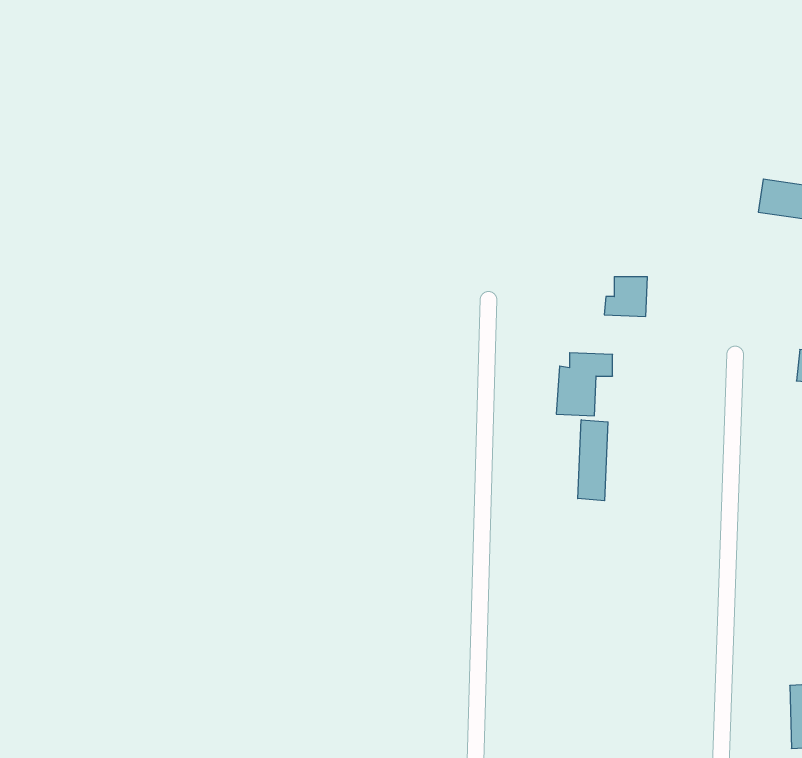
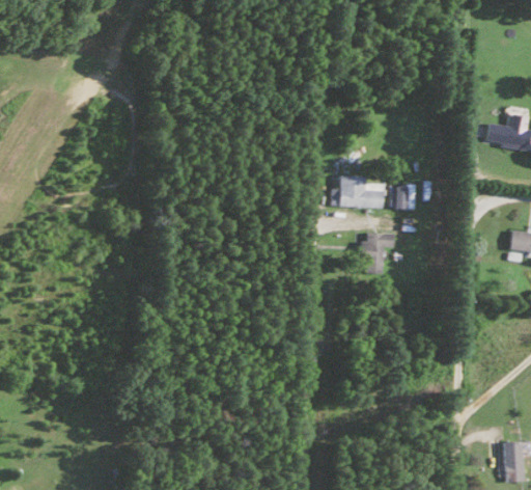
building: none -> [330,175,384,208]
building: [578,420,608,501] -> none

